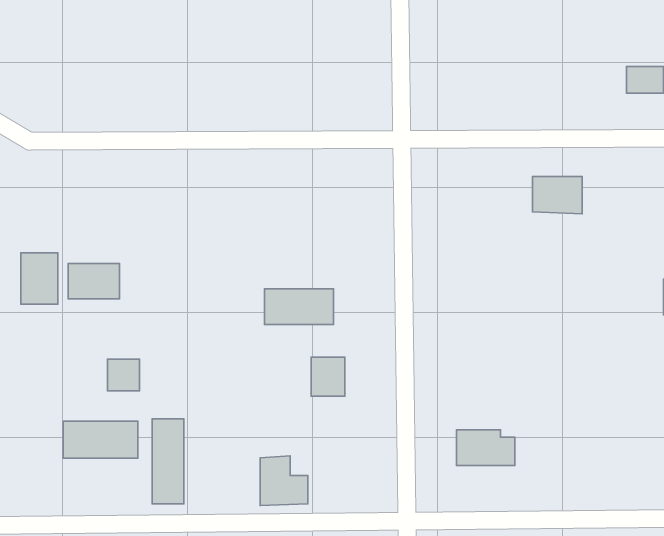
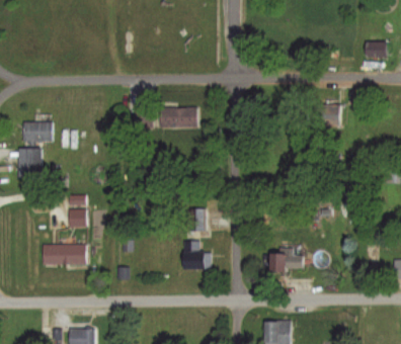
building: [68,263,120,299] -> [23,122,53,143]
building: [264,289,333,324] -> [160,107,199,127]
building: [152,419,184,504] -> none
building: [260,456,308,506] -> [182,240,210,268]

